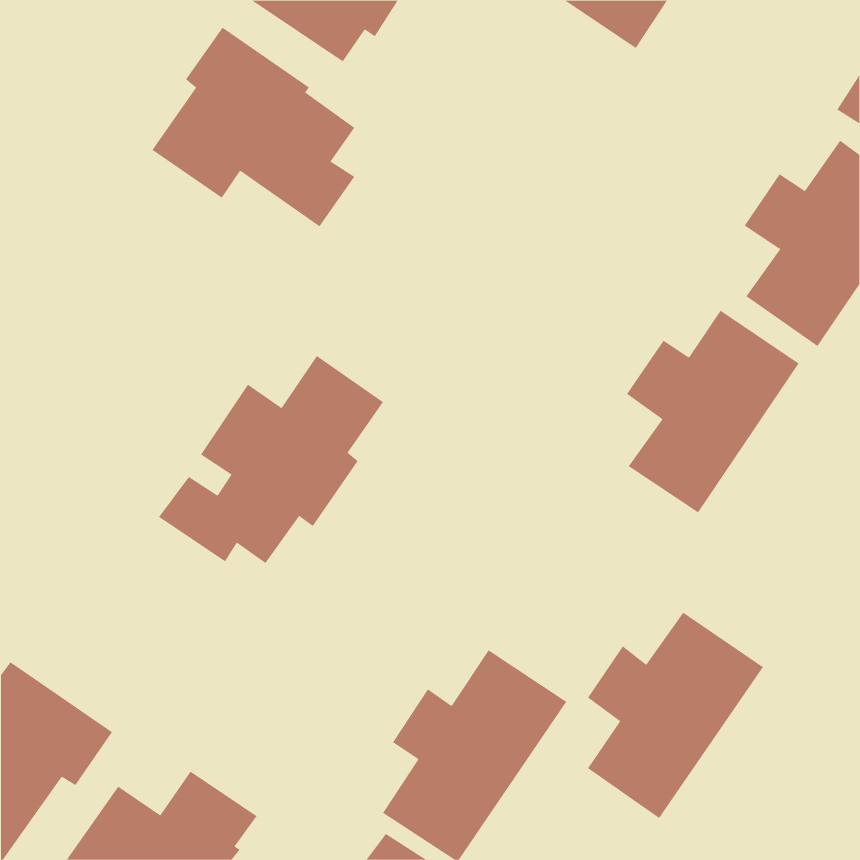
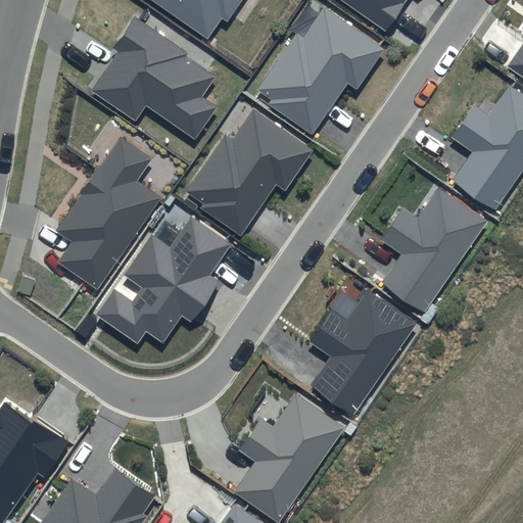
building: none -> [258,7,384,133]
building: none -> [186,109,312,236]
building: none -> [55,137,160,290]
building: [587,612,764,819] -> [310,289,417,415]

